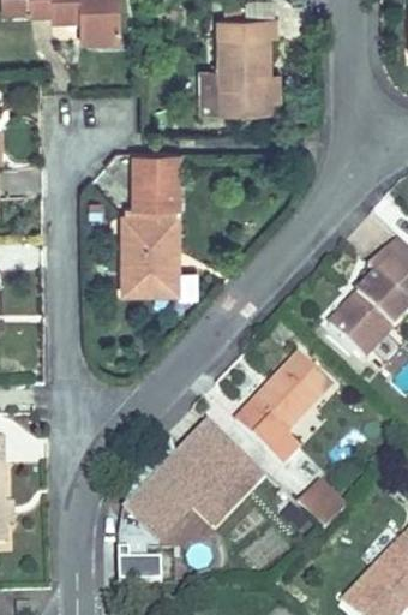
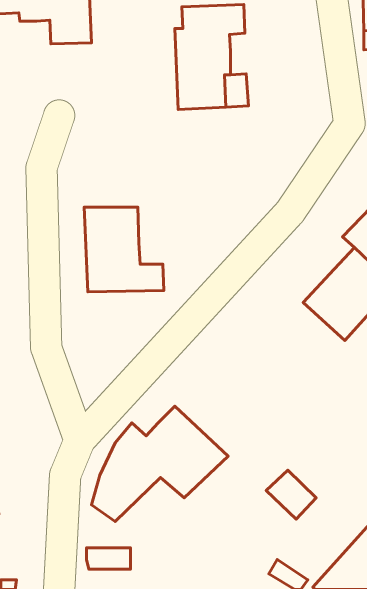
building: [124,157,175,208] -> none
building: [233,346,342,474] -> none
building: [142,466,270,544] -> none

